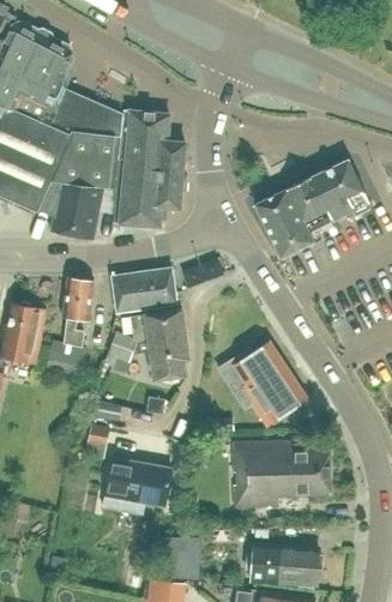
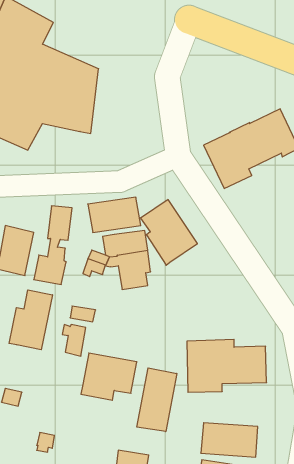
building: [114,112,185,227] -> none
building: [40,179,103,240] -> none
building: [235,344,304,425] -> [141,200,197,265]
building: none -> [9,290,52,350]
building: none -> [137,368,177,432]

